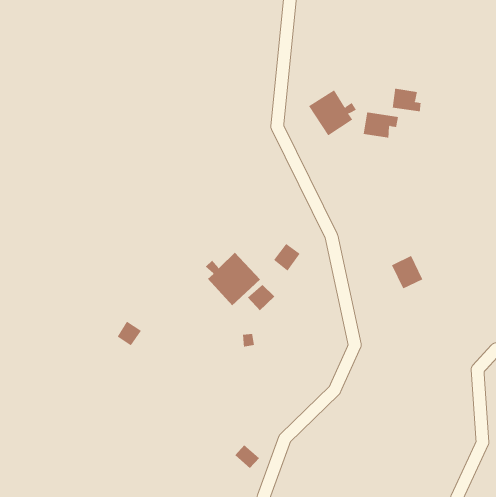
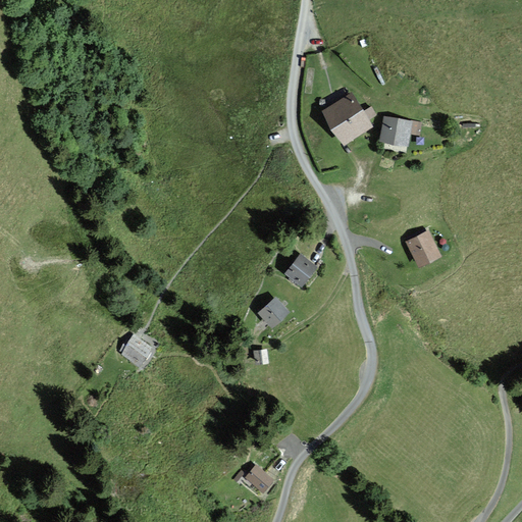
building: [392,88,421,112] -> none
building: [205,252,261,306] -> none
building: [391,255,423,289] -> [406,230,439,266]

